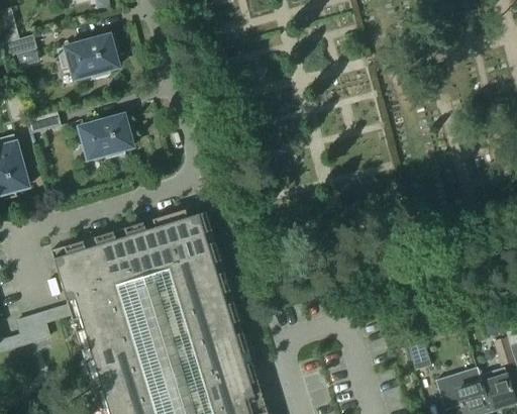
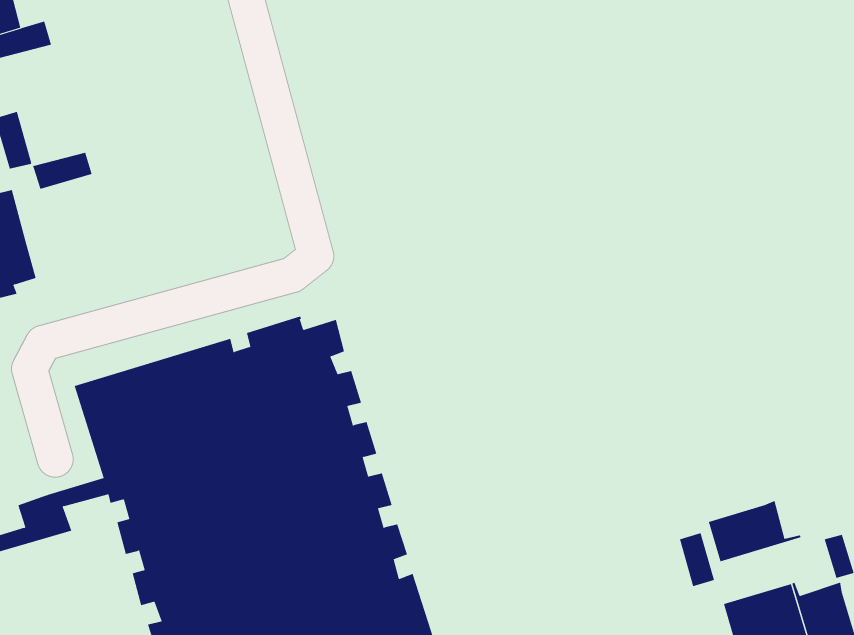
building: [57,35,122,79] -> none
building: [79,115,136,159] -> none
building: none -> [708,500,801,562]

